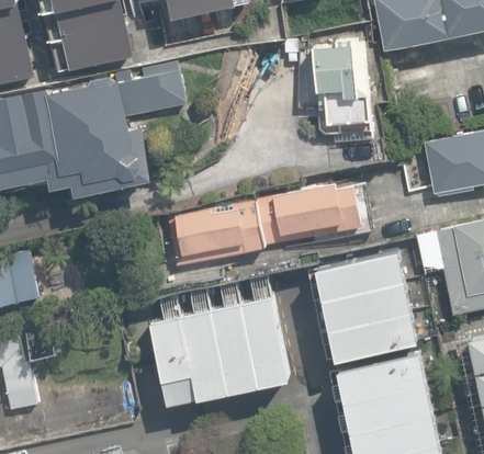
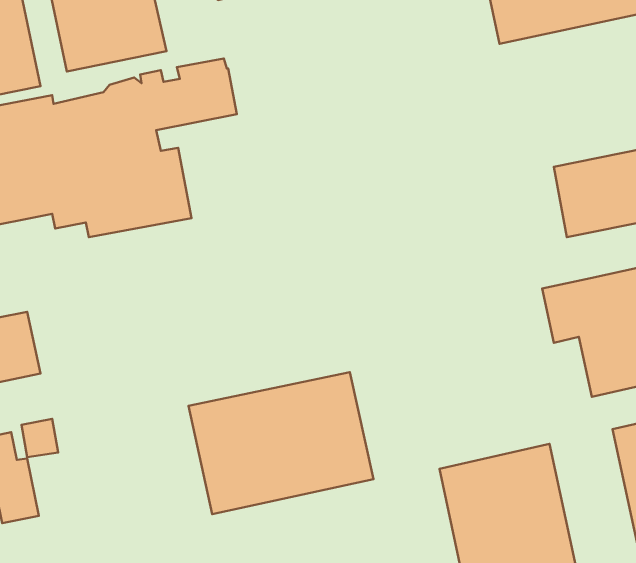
building: [312,42,370,143] -> none
building: [166,183,372,265] -> none
building: [319,249,417,359] -> none

